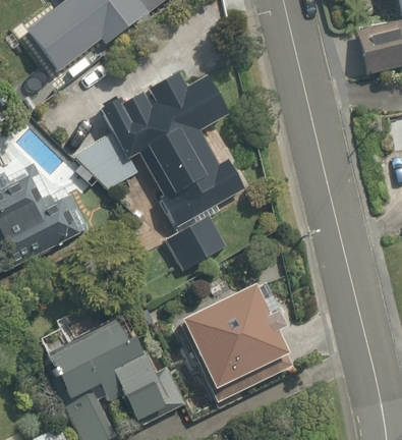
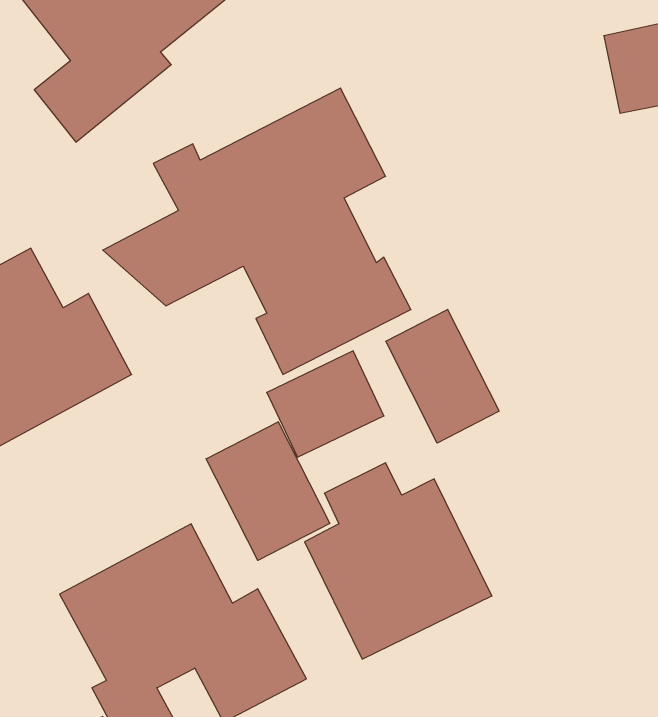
building: none -> [386,309,499,443]
building: none -> [206,422,330,560]

